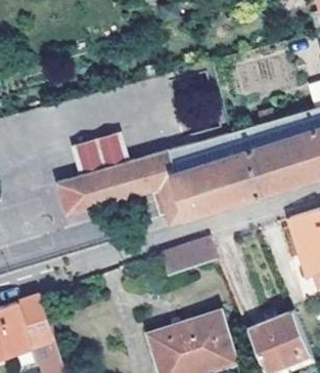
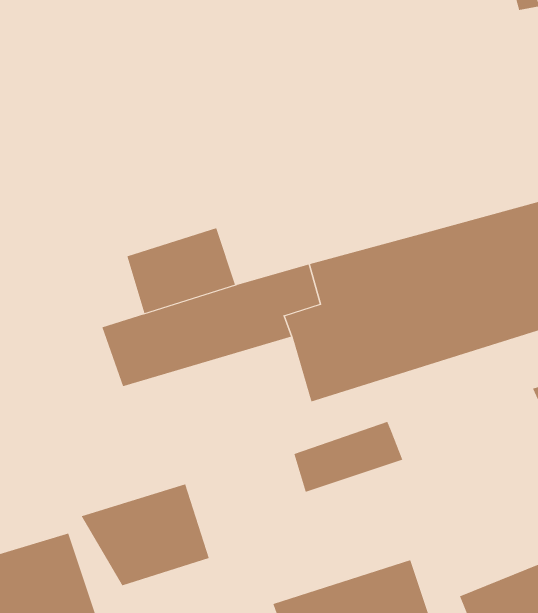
building: none -> [81,484,210,586]

